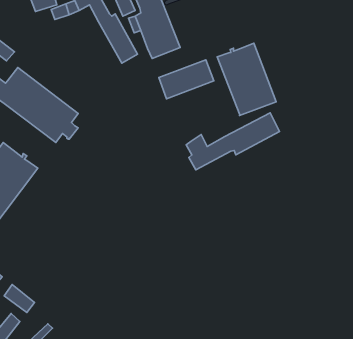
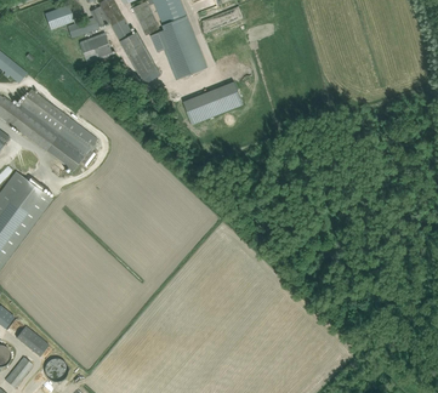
building: none -> [79,33,112,64]
building: [217,43,276,116] -> none
building: [186,113,279,170] -> none

